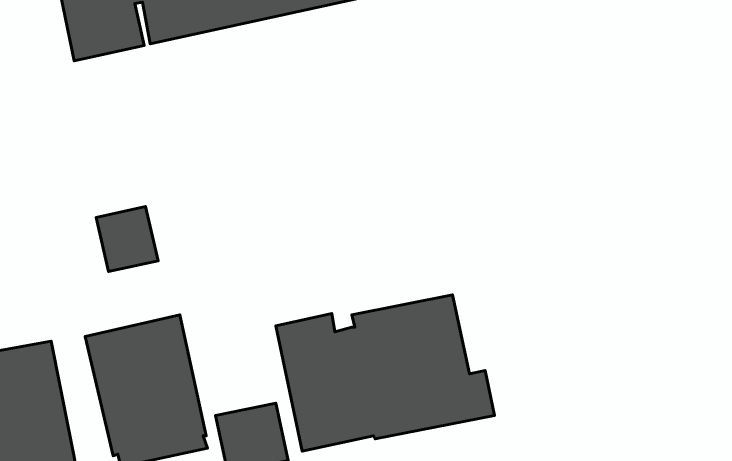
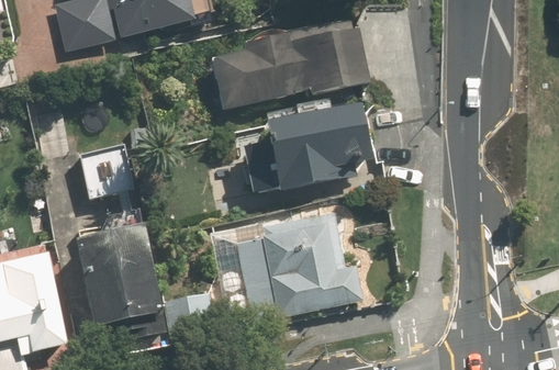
building: none -> [206,18,370,110]
building: none -> [244,104,380,194]

